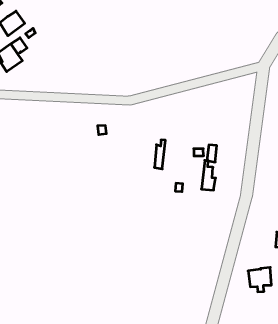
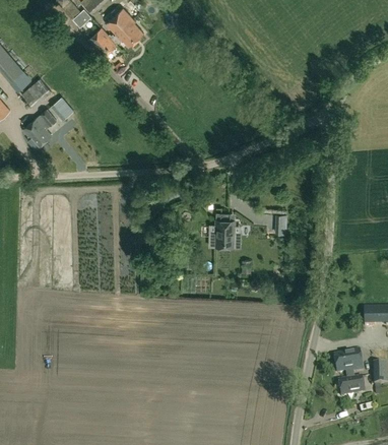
building: [201,160,216,190] -> [225,213,241,247]
building: none -> [340,377,366,397]

